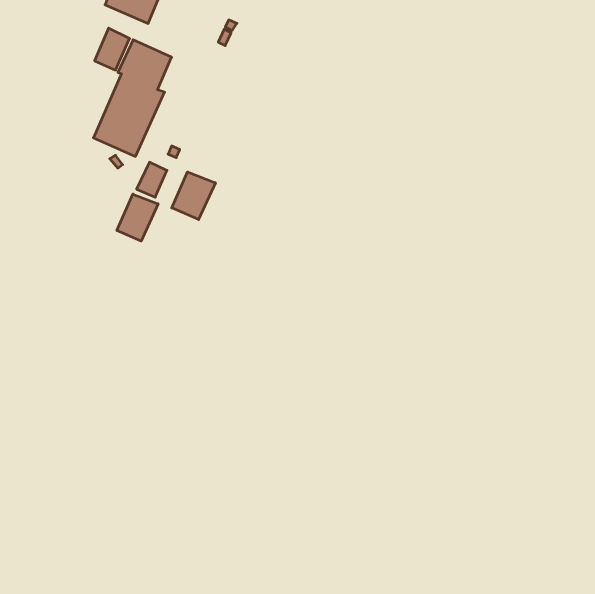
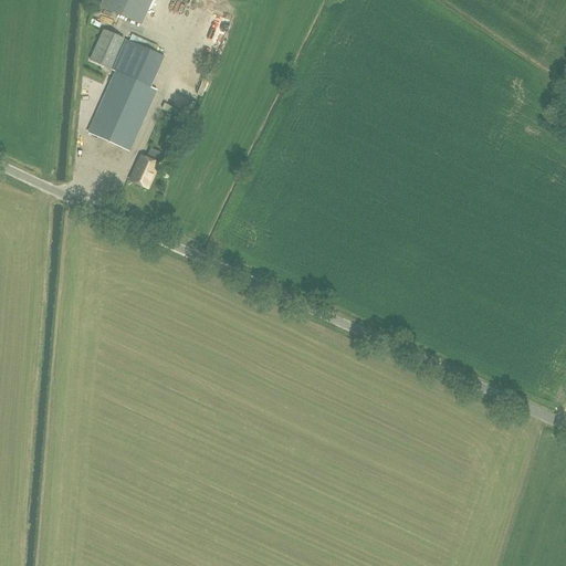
building: [172,172,215,220] -> none
building: [117,194,158,241] -> none

